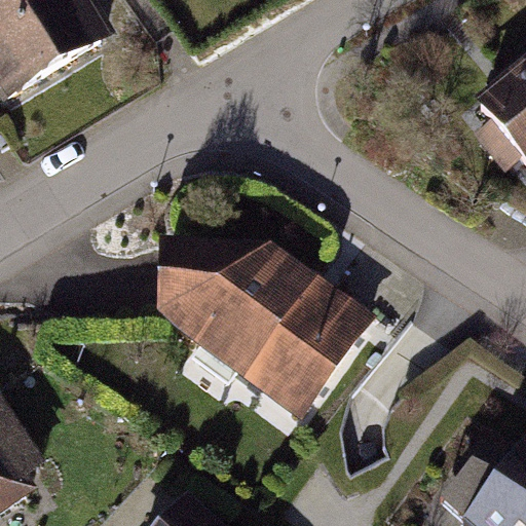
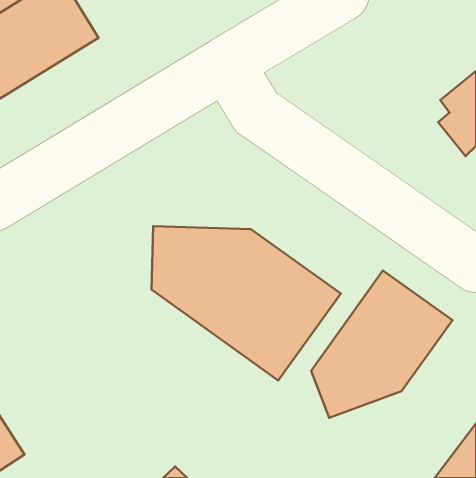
building: none -> [311,271,452,418]

